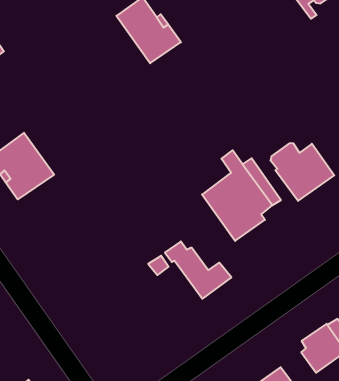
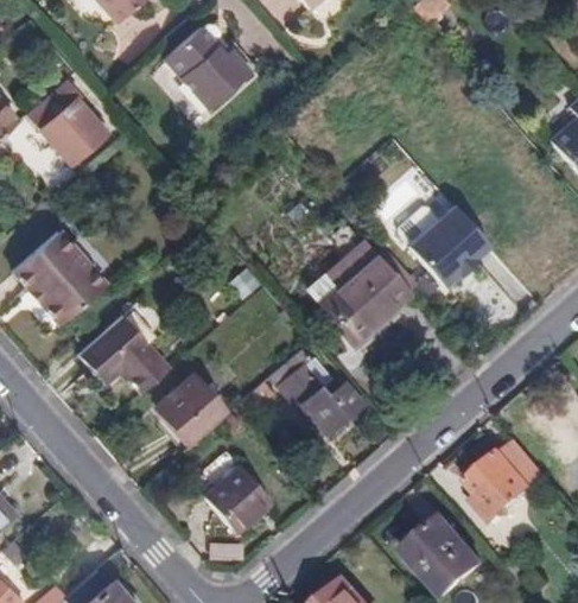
building: none -> [26,81,104,164]
building: none -> [81,316,167,393]
building: none -> [157,374,226,443]
building: none -> [205,464,273,531]

